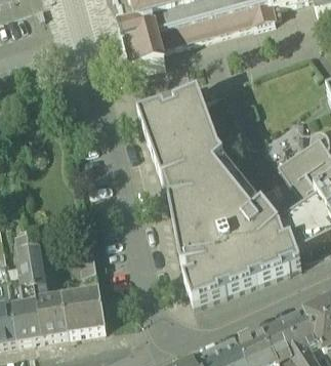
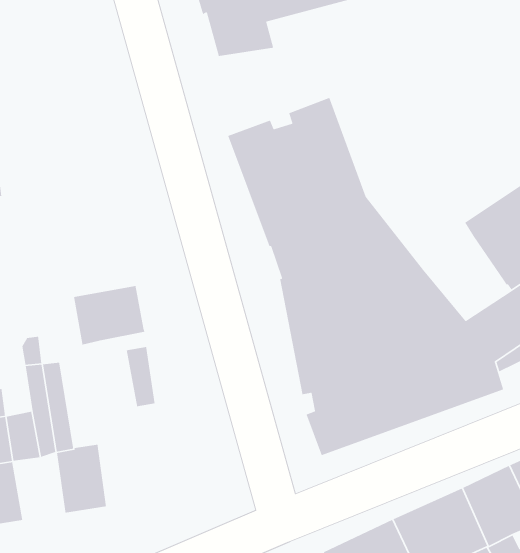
building: none -> [73,285,145,345]
building: [63,288,106,331] -> none
building: [12,299,43,339] -> none

